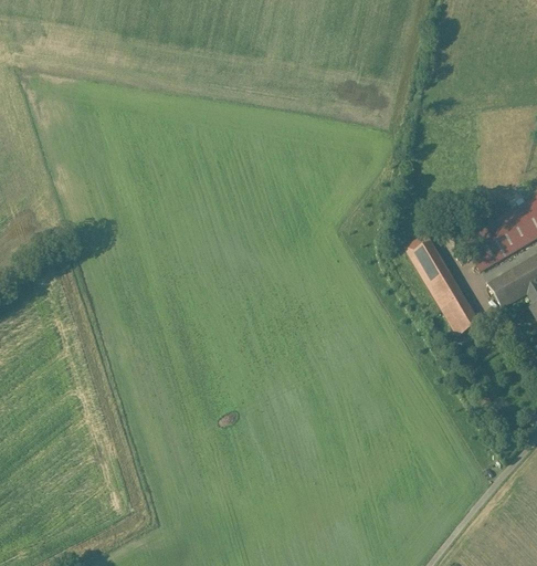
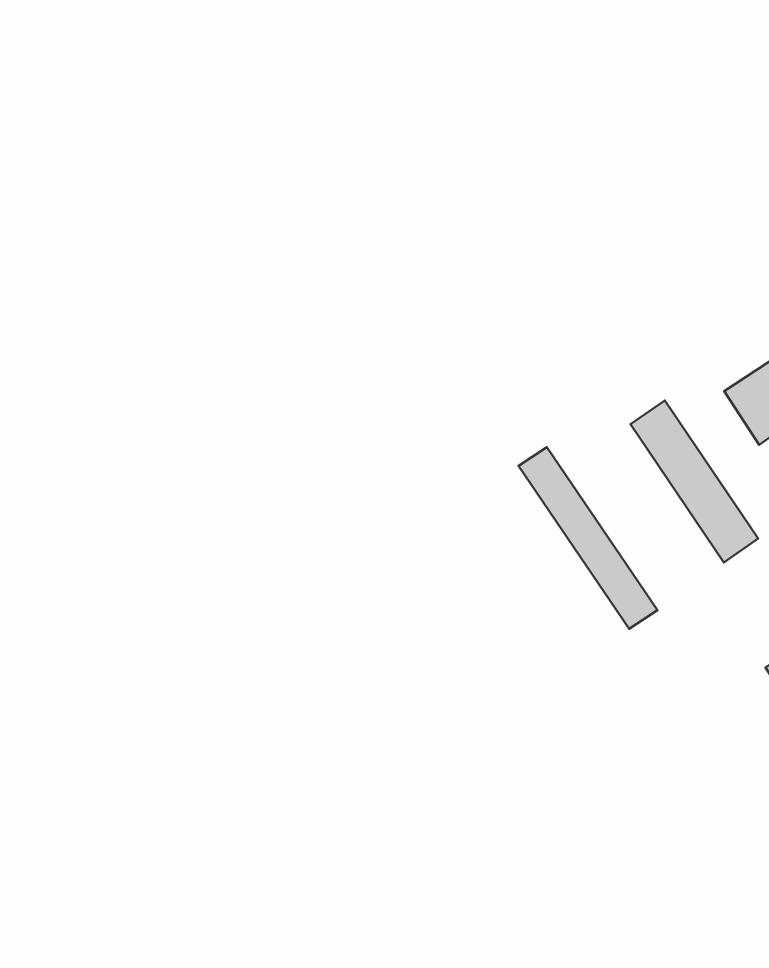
building: none -> [519,447,657,629]

